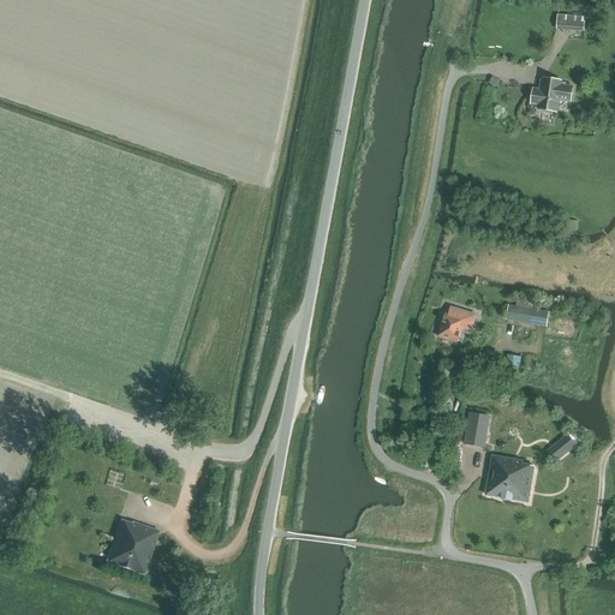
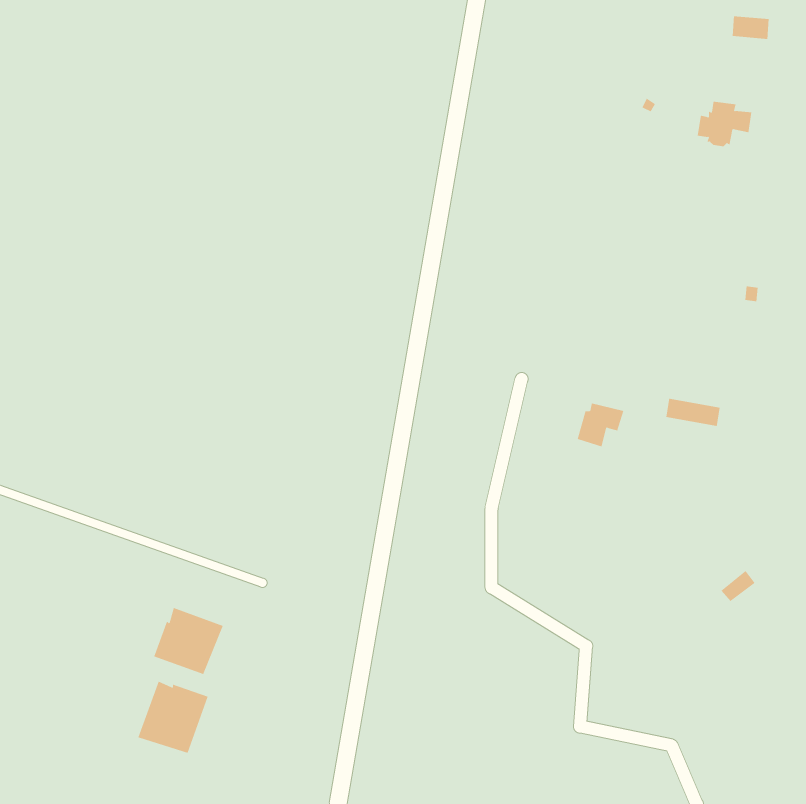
building: [464,411,486,446] -> none
building: [484,454,533,501] -> none
building: none -> [153,607,223,675]

